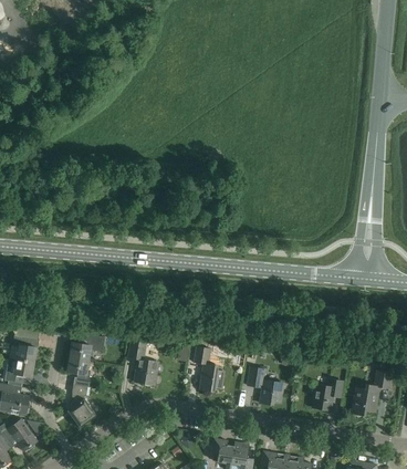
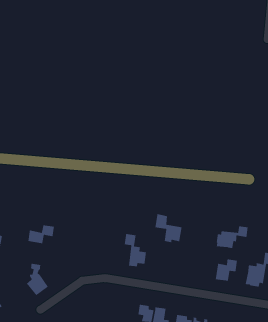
building: none -> [215,225,249,253]
building: [127,341,158,385] -> none
building: [66,357,90,387] -> none
building: [247,366,283,405] -> [154,213,182,243]

